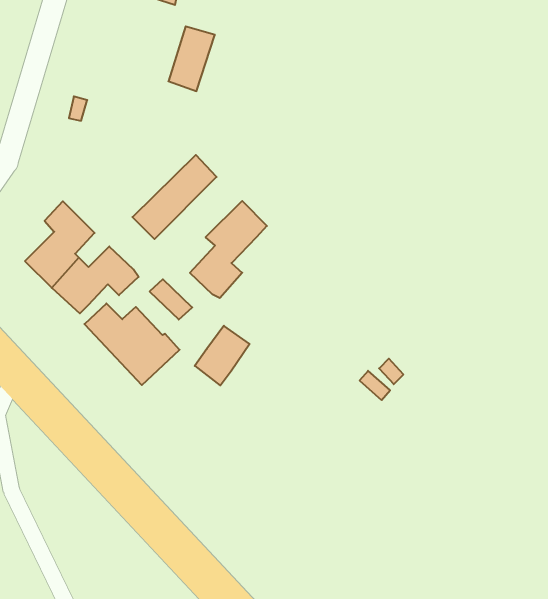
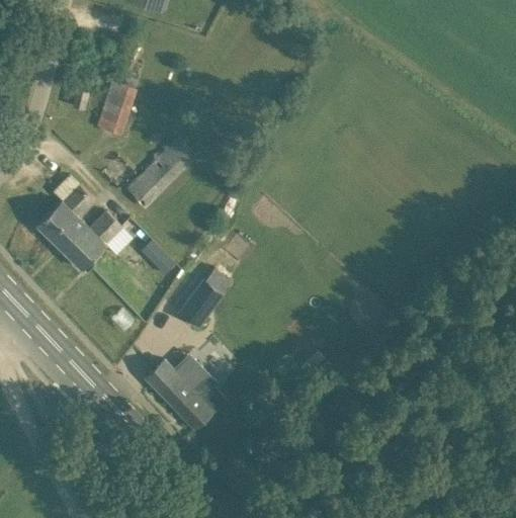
building: [168,26,215,91] -> [97,81,136,135]
building: [190,201,267,298] -> none
building: [84,303,180,385] -> [146,359,225,427]

